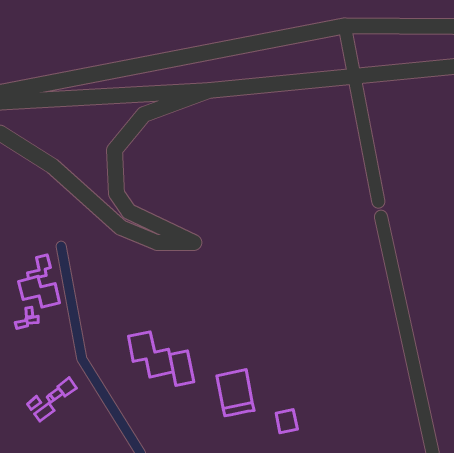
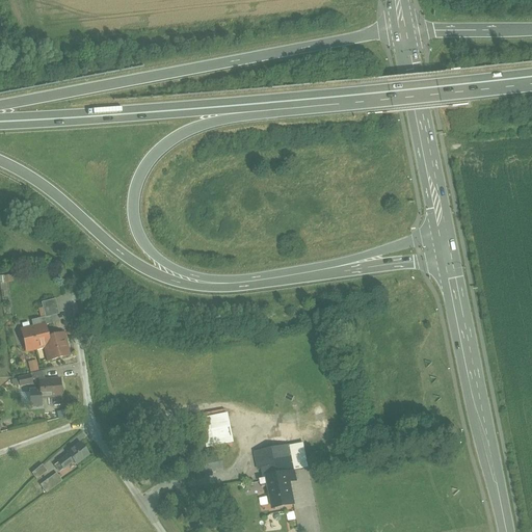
building: none -> [30,378,62,404]
building: [129,332,173,377] -> none
building: [276,410,297,433] -> [270,481,295,508]

